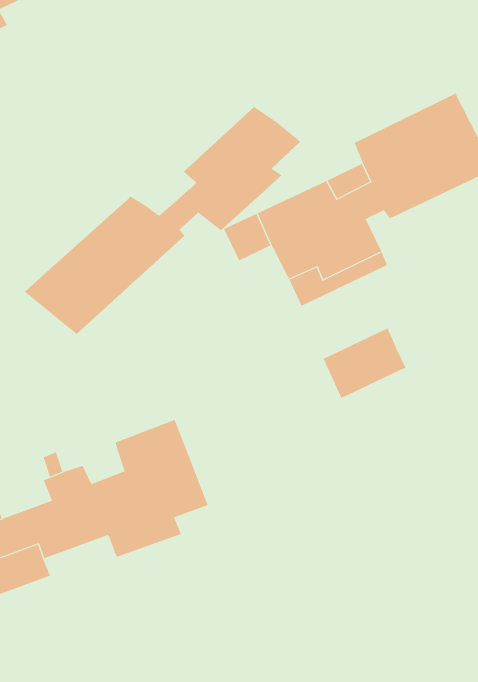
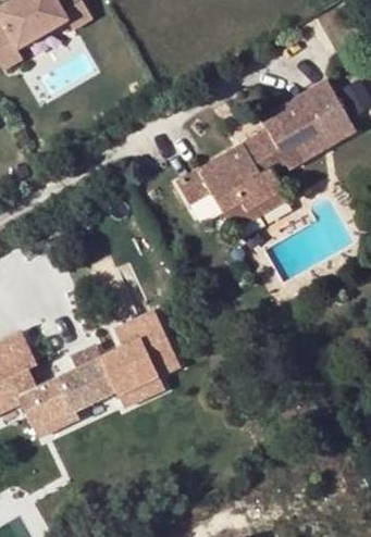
building: [24,106,301,335] -> none
building: [323,328,406,399] -> none

